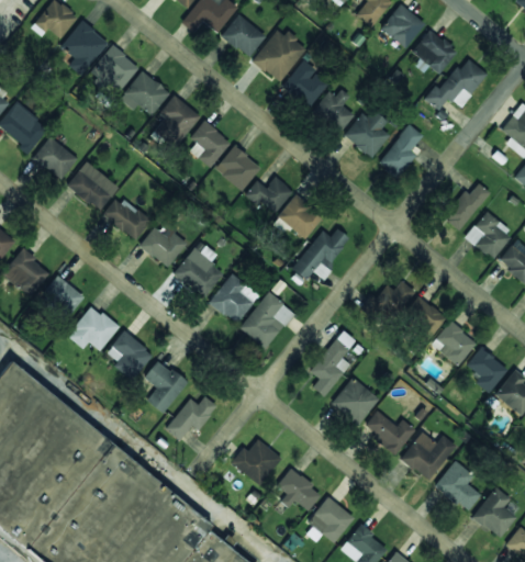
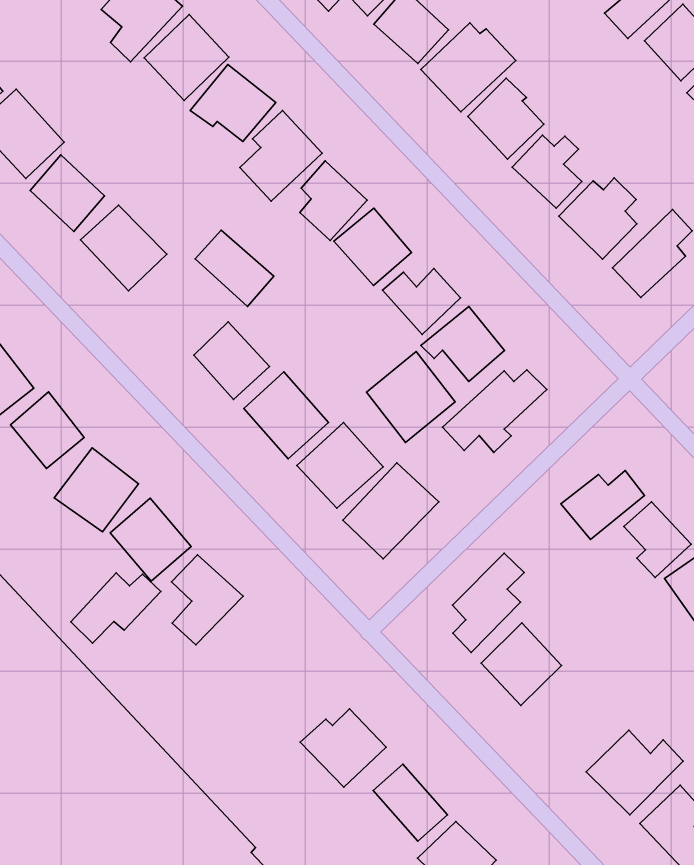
building: [103,196,150,239] -> [195,230,274,307]
building: none -> [366,352,455,442]
building: [166,396,216,440] -> [71,573,161,643]
building: [362,411,415,454] -> none

